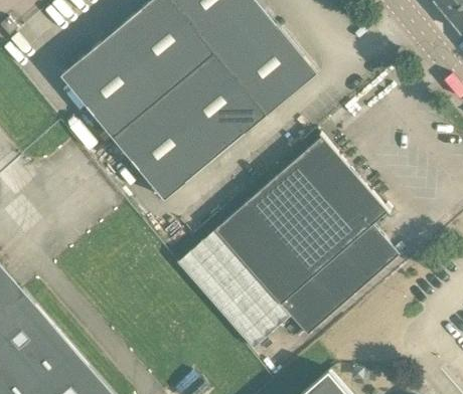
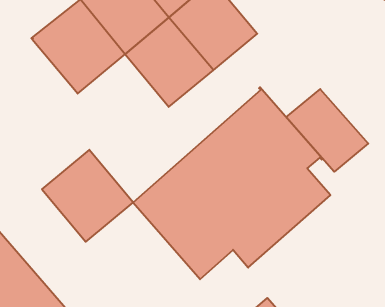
building: [114,95,216,199] -> [42,150,133,242]
building: none -> [286,89,368,172]

